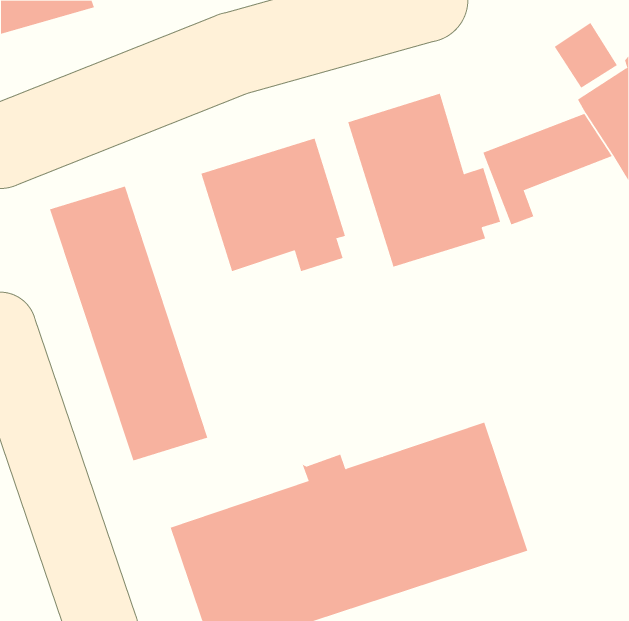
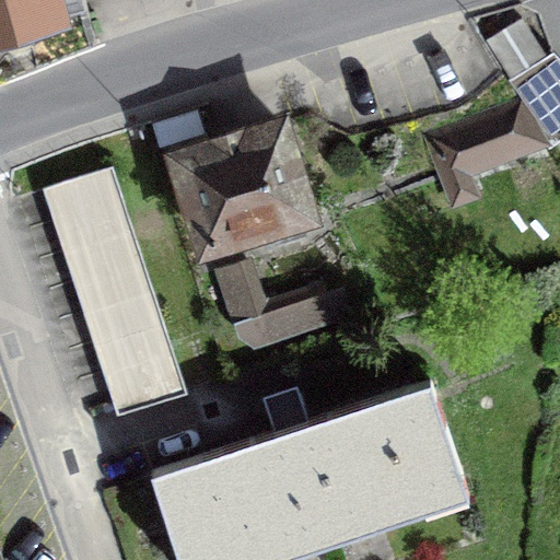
building: [348,93,501,268] -> none
building: none -> [219,265,349,348]

